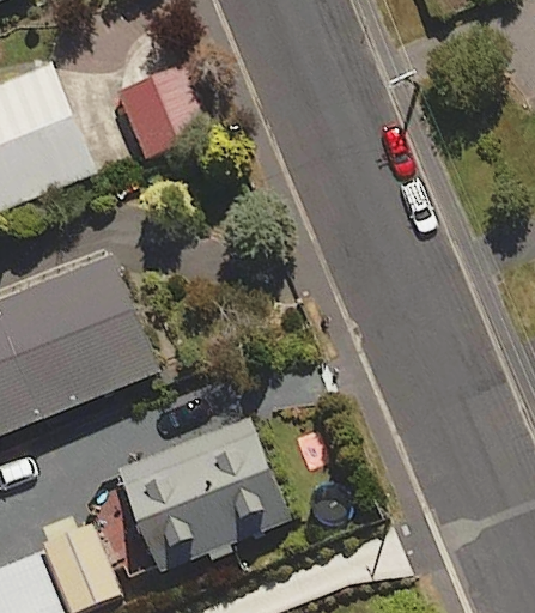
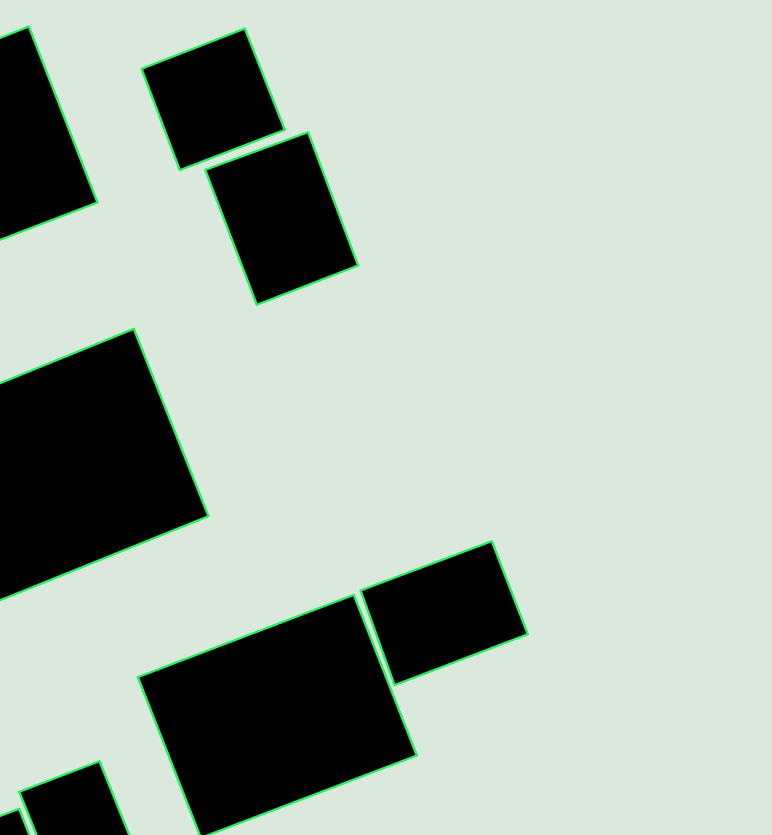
building: none -> [205,132,358,305]
building: none -> [360,541,528,685]

